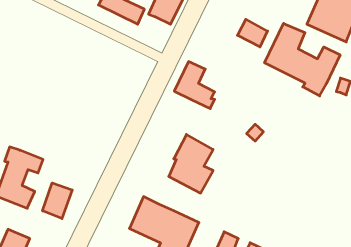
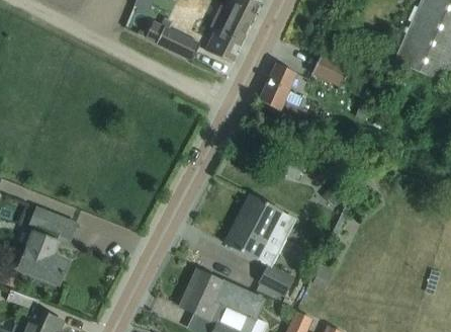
building: [265,23,340,96] -> none
building: [174,62,215,109] -> [259,63,307,119]
building: [43,183,72,219] -> none
building: none -> [259,264,295,298]

